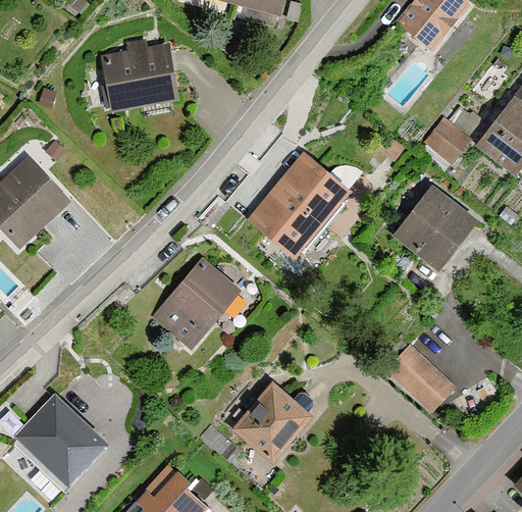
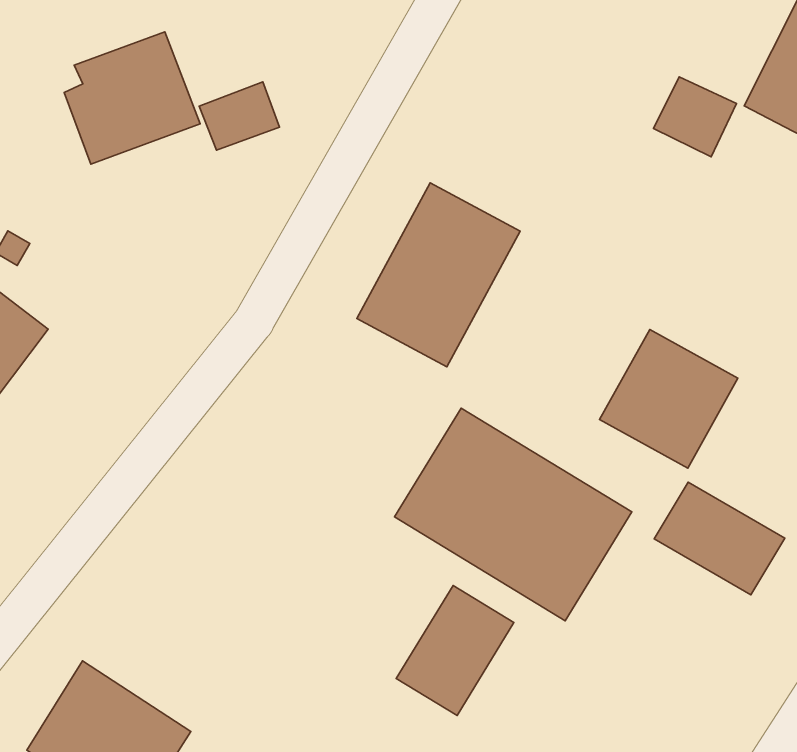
building: none -> [199,82,280,150]
building: [392,189,473,270] -> [600,329,738,468]
building: [154,255,245,349] -> none
building: none -> [395,408,632,621]

